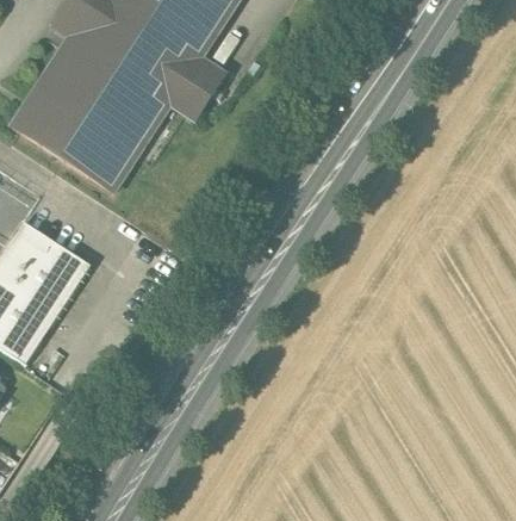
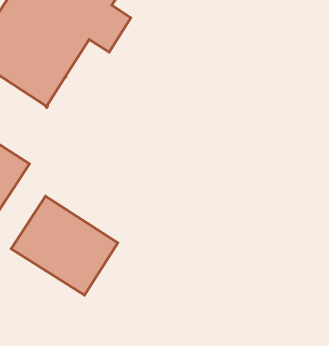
building: none -> [11,196,118,295]

